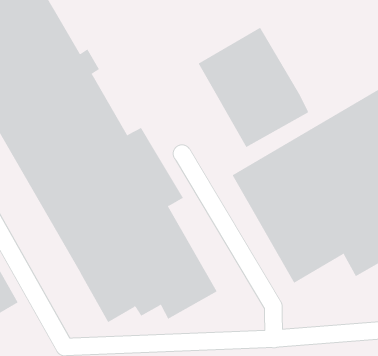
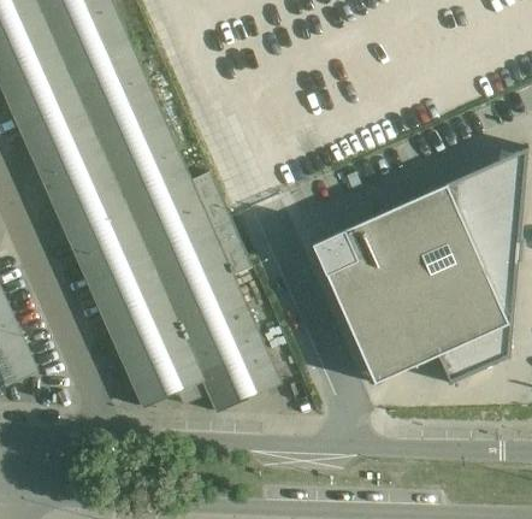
building: [198,27,309,148] -> none

